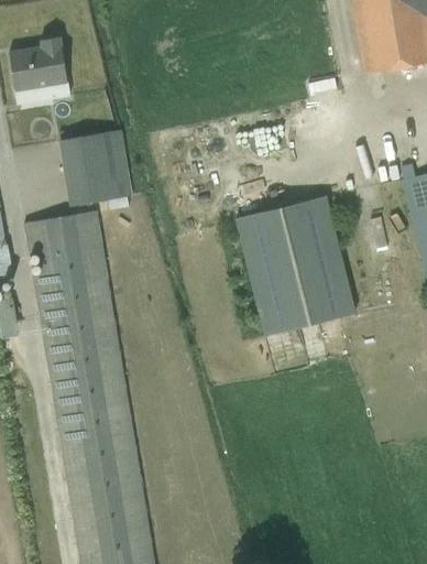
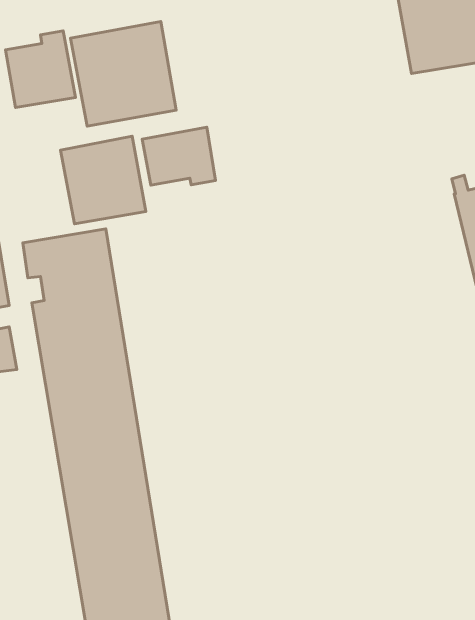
building: none -> [70,21,176,126]
building: none -> [142,127,215,185]
building: [234,195,354,334] -> none

